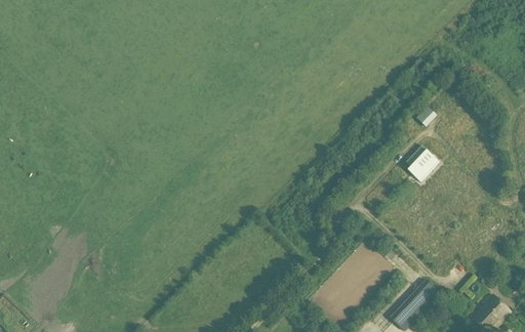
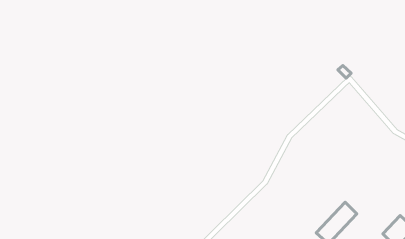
building: [406,143,440,180] -> none

